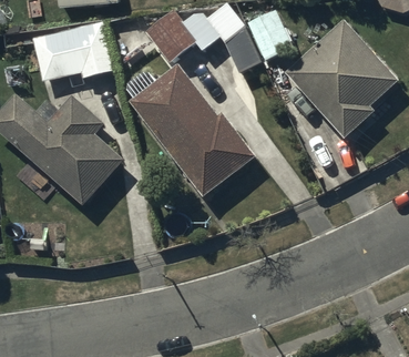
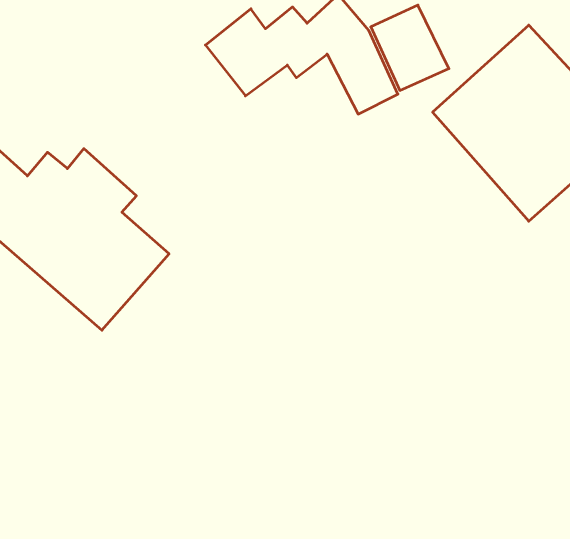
building: [31,20,115,82] -> none
building: [125,64,255,196] -> none

